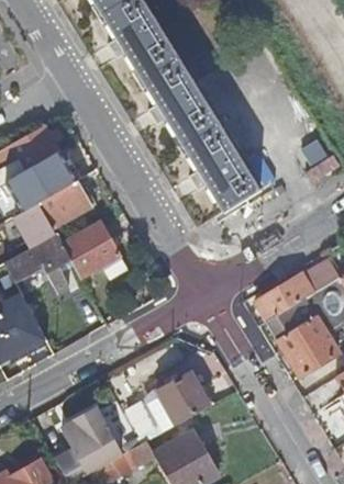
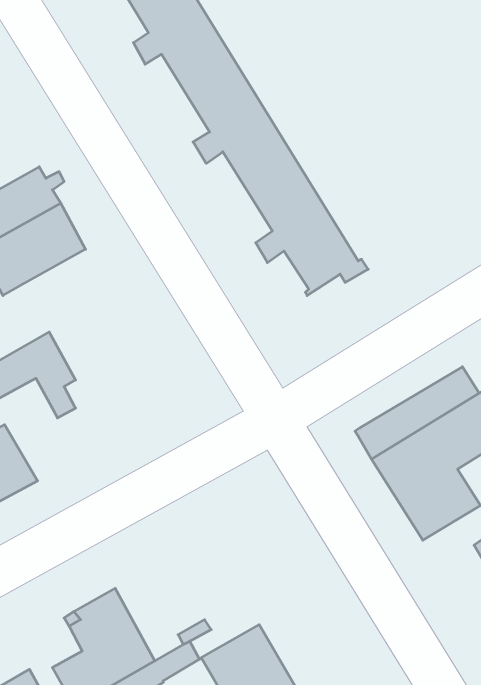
building: [35,180,91,229] -> none
building: [53,220,127,279] -> none
building: [148,369,211,430] -> none

